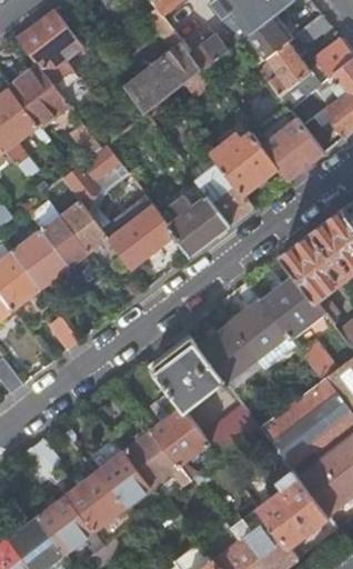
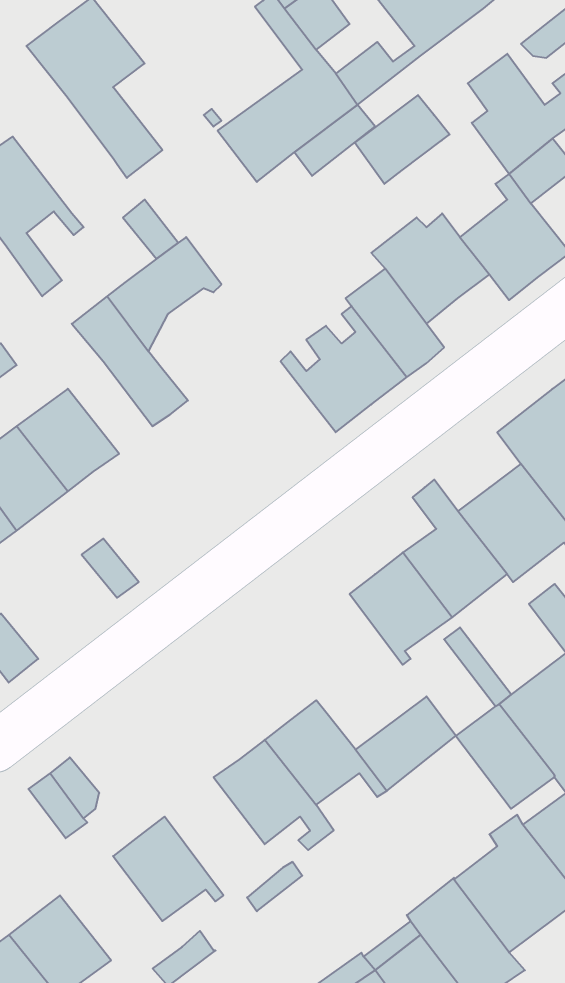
building: [239,17,292,67] -> [355,95,450,184]
building: [9,66,68,132] -> none
building: [93,204,175,269] -> none
building: [40,216,88,268] -> none
building: [149,335,229,413] -> none
building: [94,450,151,517] -> none
building: [36,495,93,553] -> none

